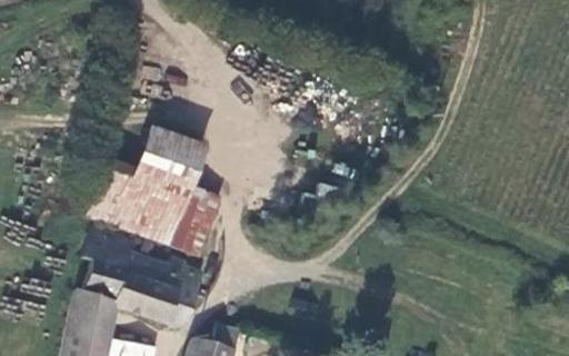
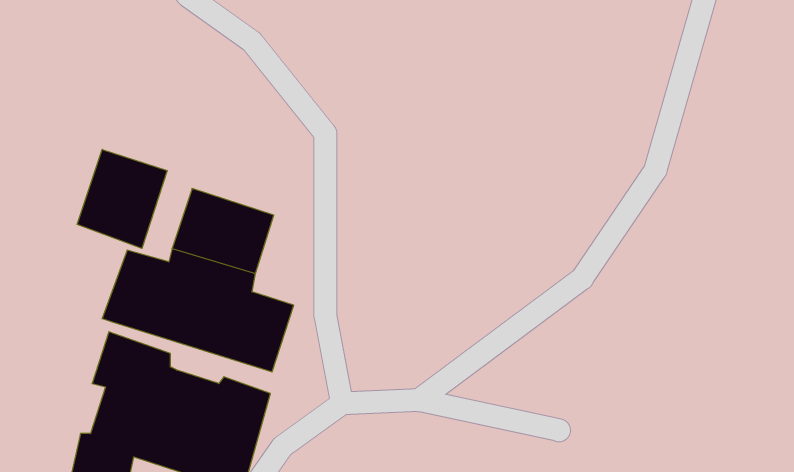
building: none -> [77,149,167,248]

